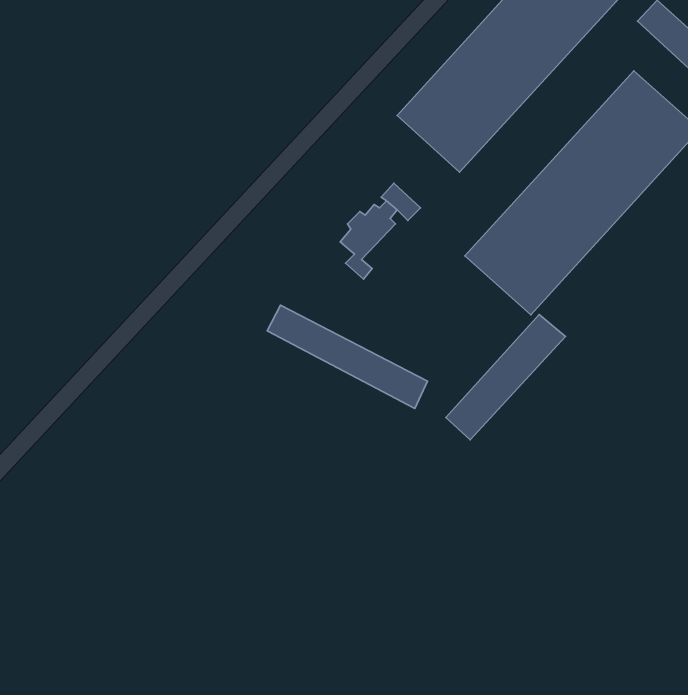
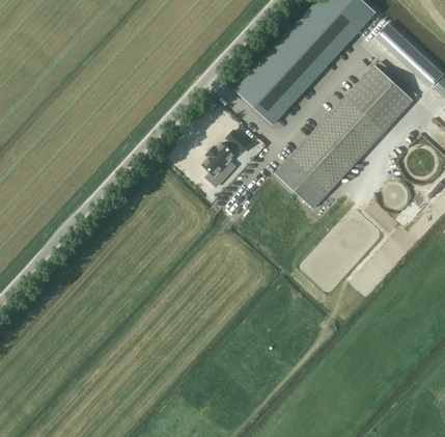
building: [267,305,427,409] -> none
building: [446,314,566,440] -> none

